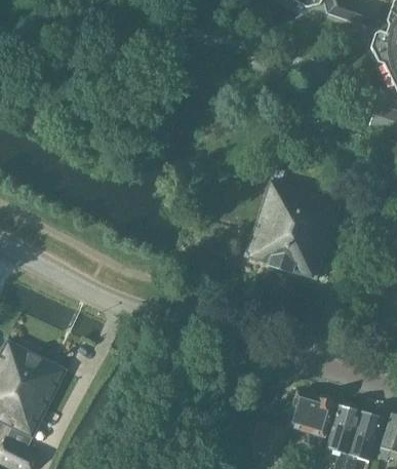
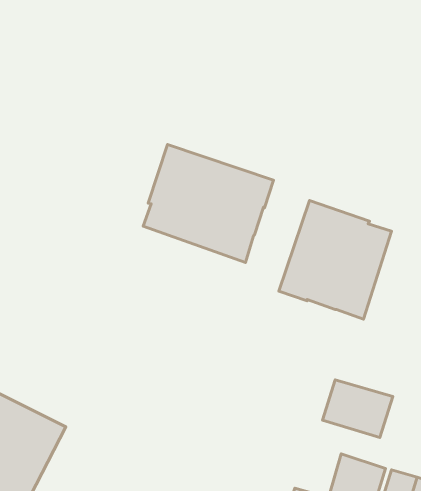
building: none -> [143,144,274,262]
building: none -> [323,380,393,437]

